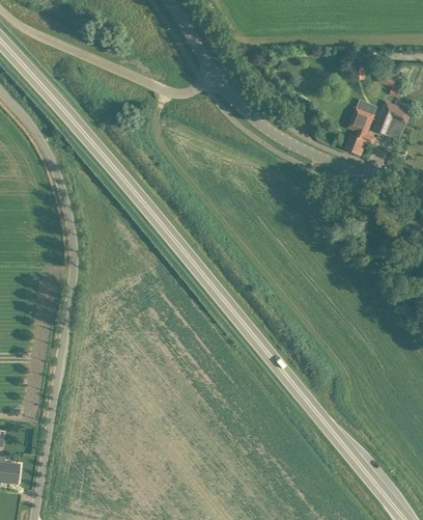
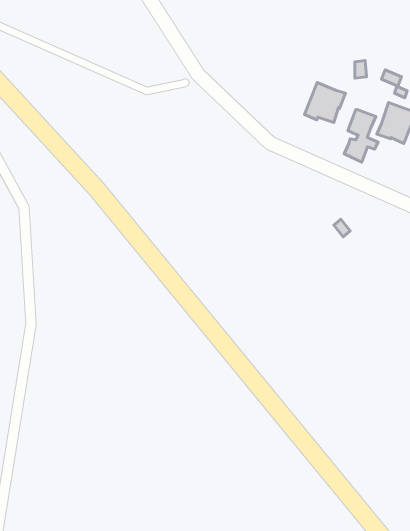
building: none -> [305,82,346,123]

